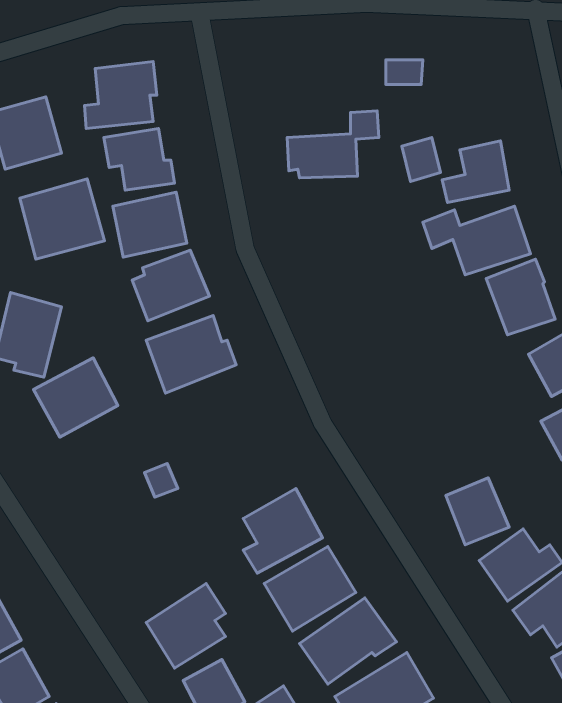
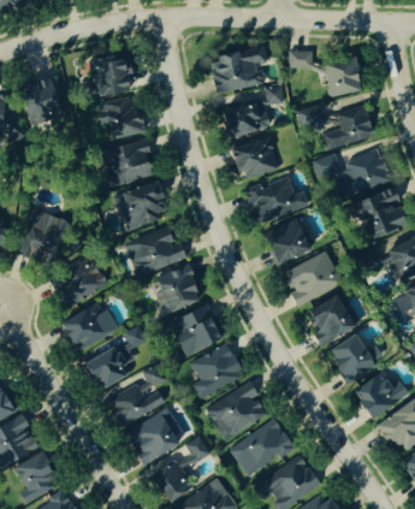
building: none -> [208,47,268,93]
building: none -> [324,57,361,96]
building: [20,179,105,259] -> none
building: none -> [231,138,278,177]
building: none -> [245,177,308,225]
building: none -> [263,219,310,265]
building: none -> [283,253,339,306]
building: none -> [152,265,203,314]
building: none -> [306,296,354,347]
building: none -> [59,302,117,345]
building: none -> [168,303,224,356]
building: none -> [85,347,130,390]
building: none -> [106,365,165,426]

